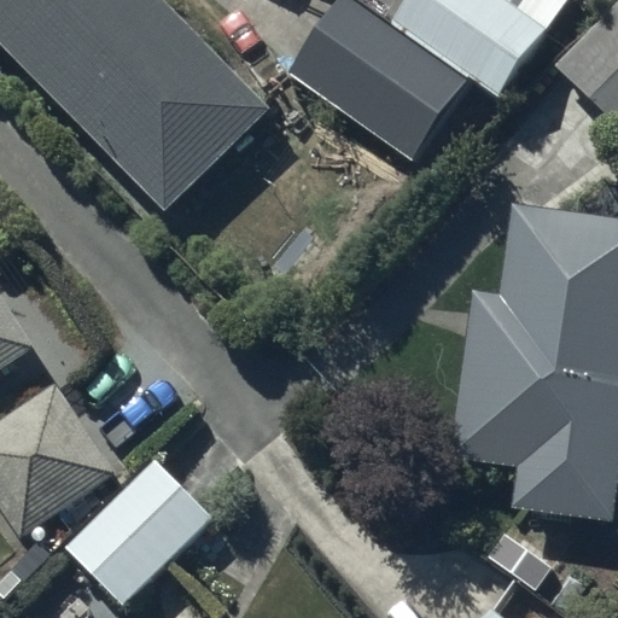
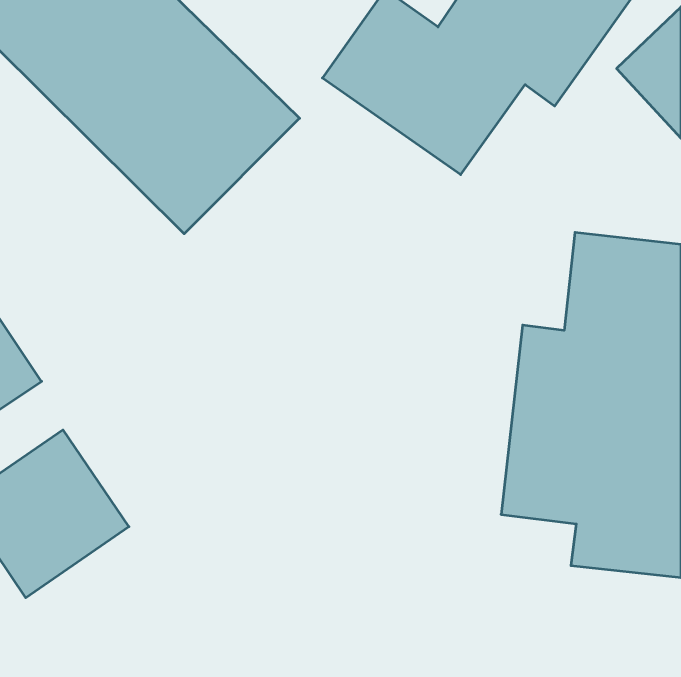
building: [65,456,212,604] -> none

